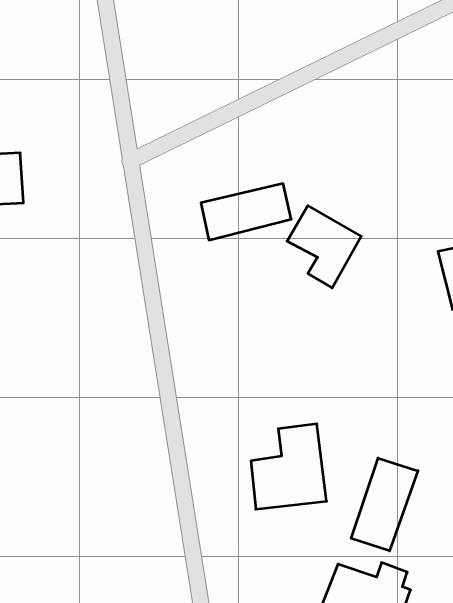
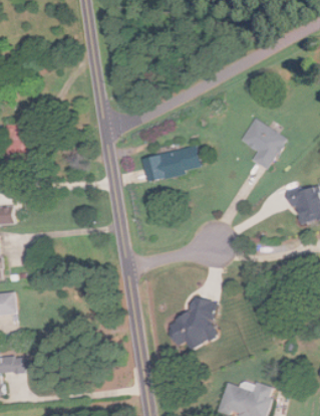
building: [287,206,361,288] -> [238,119,284,170]
building: [351,458,418,551] -> none

